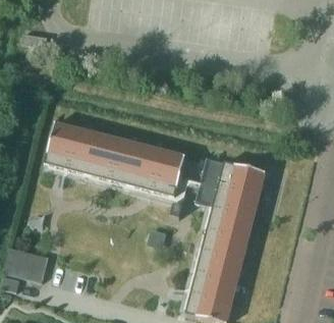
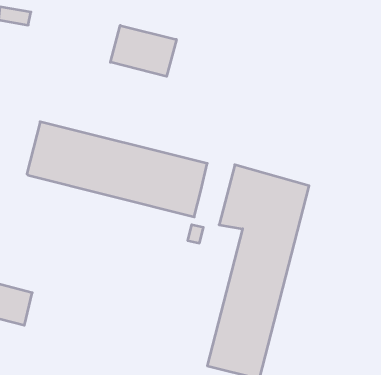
building: none -> [110,25,176,76]

